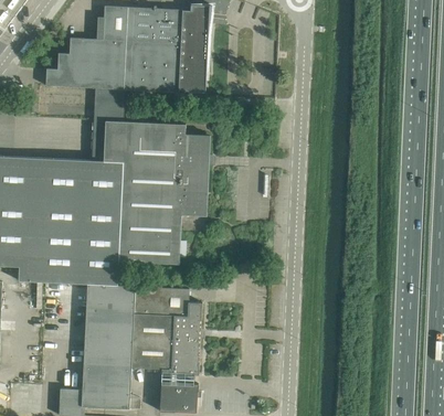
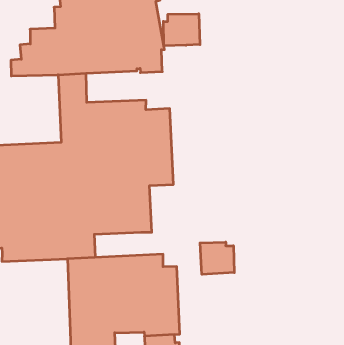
building: none -> [163,14,200,46]
building: none -> [200,242,234,274]

